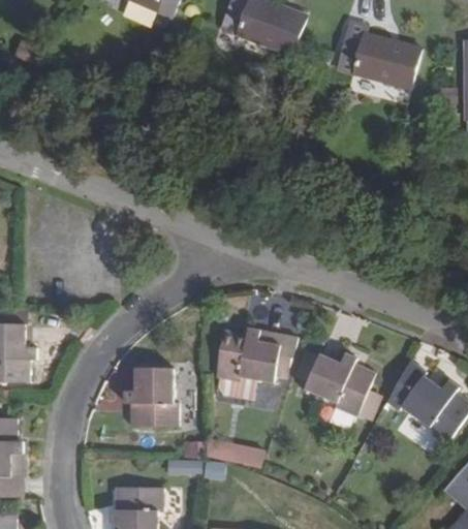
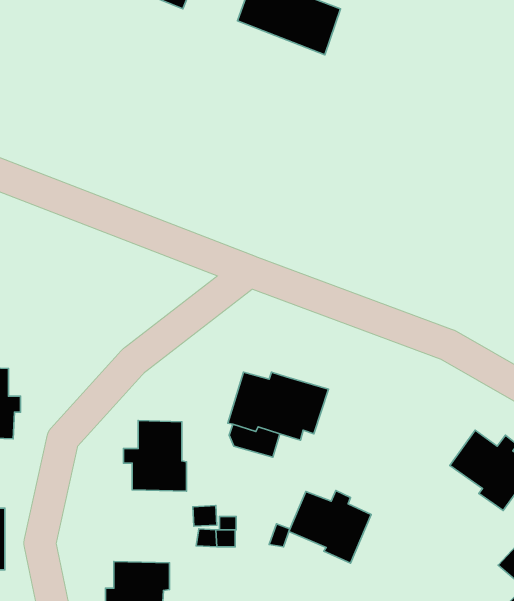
building: [335,21,423,88] -> none
building: [304,353,374,415] -> [289,490,371,563]

